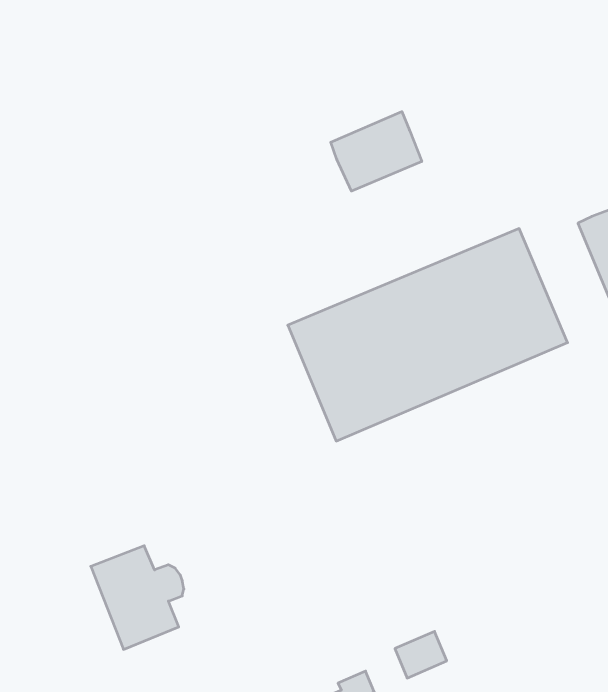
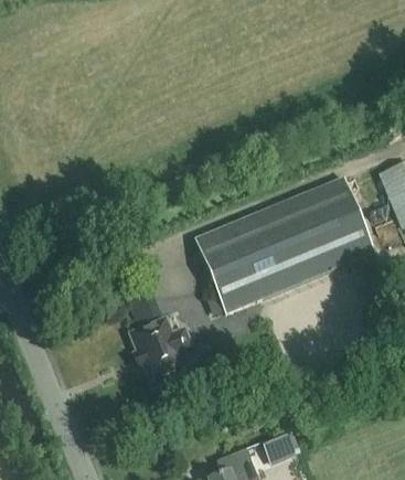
building: [331,112,422,191] -> none
building: [91,546,184,649] -> [130,318,190,384]

